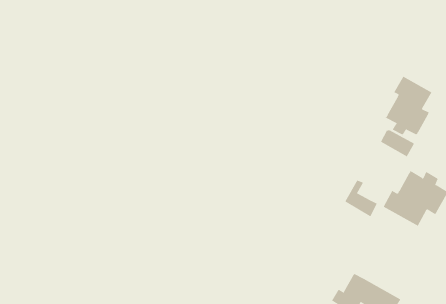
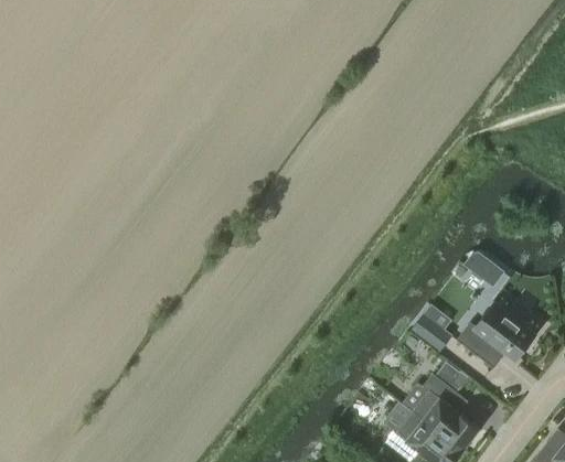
building: [385,76,432,137] -> none
building: none -> [413,361,479,448]

